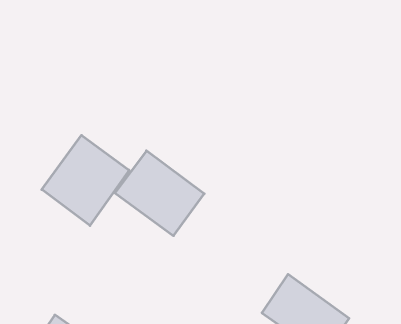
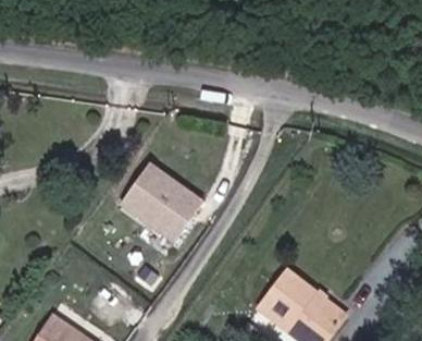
building: [42,135,129,226] -> none

